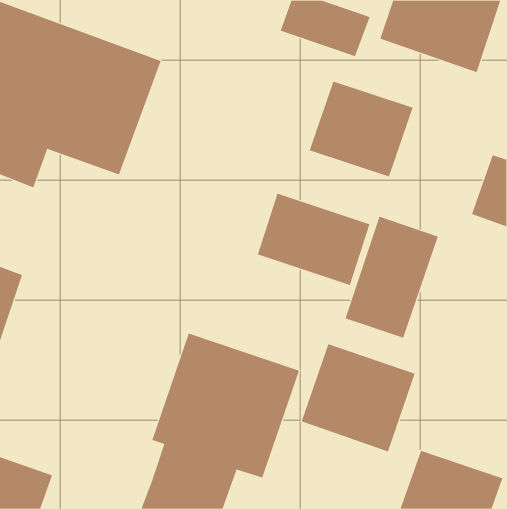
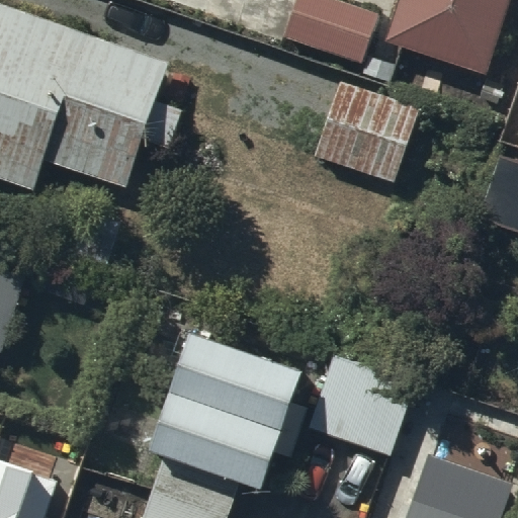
building: [257,193,370,286] -> none
building: [345,216,439,339] -> none

